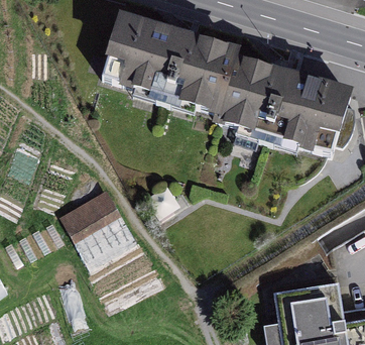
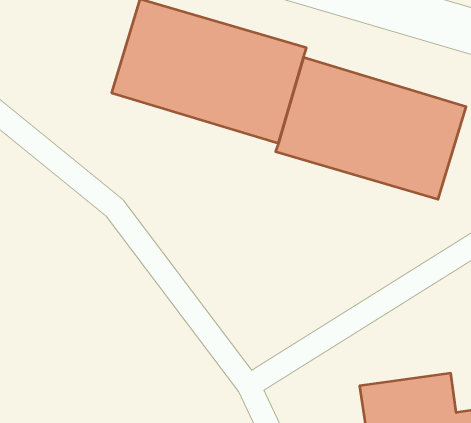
building: [58,190,137,270] -> none

